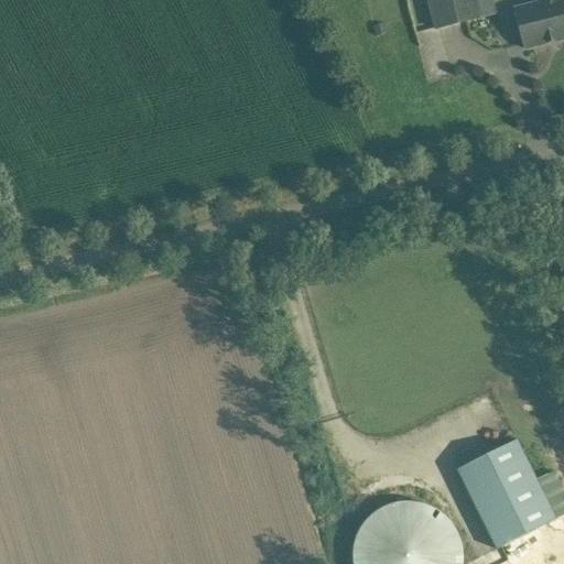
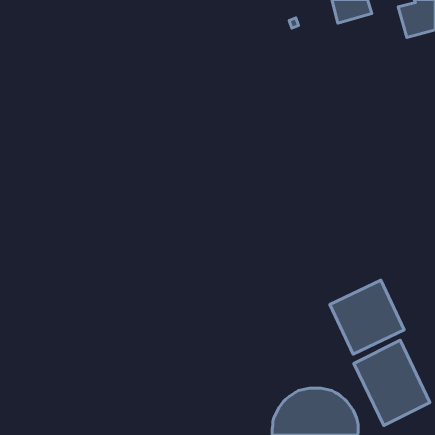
building: none -> [330,280,404,354]

